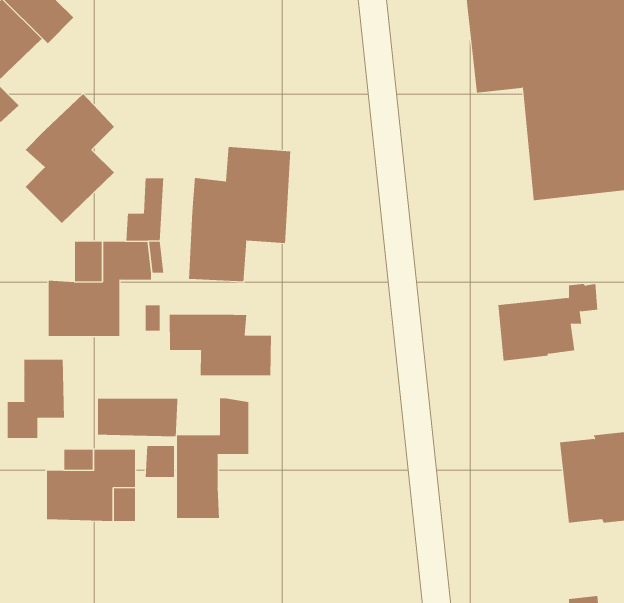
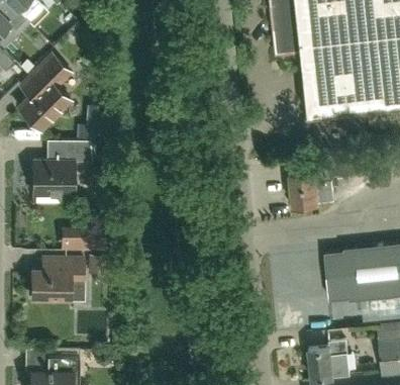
building: [188,146,291,282] -> none
building: [169,314,272,376] -> none
building: [7,359,65,439] -> none
building: [177,397,249,519] -> none

